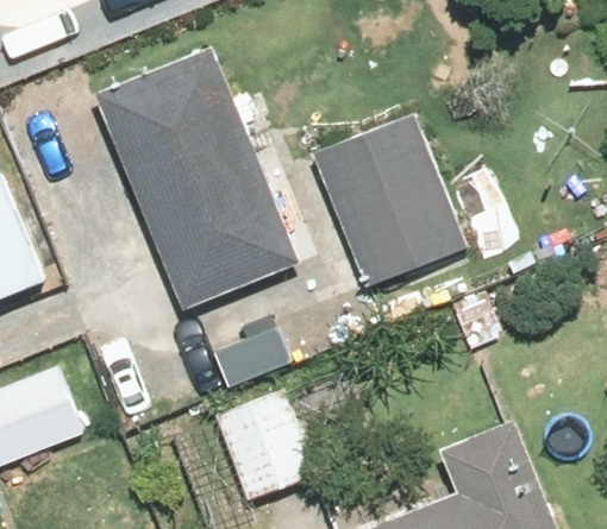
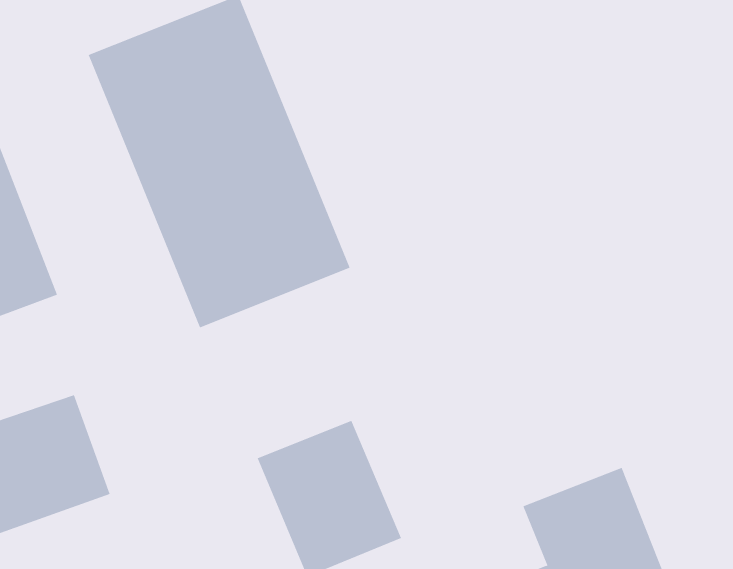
building: [321,109,483,295] -> none

